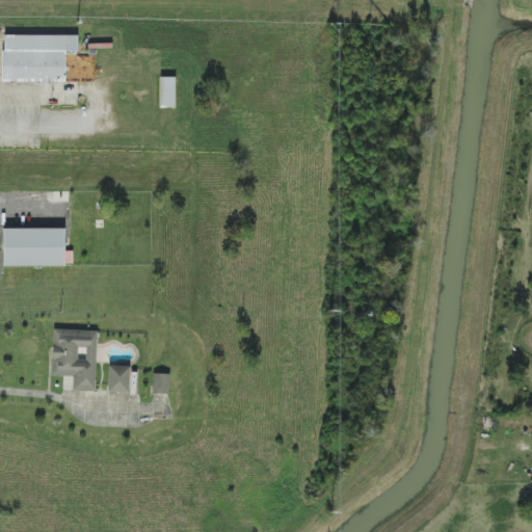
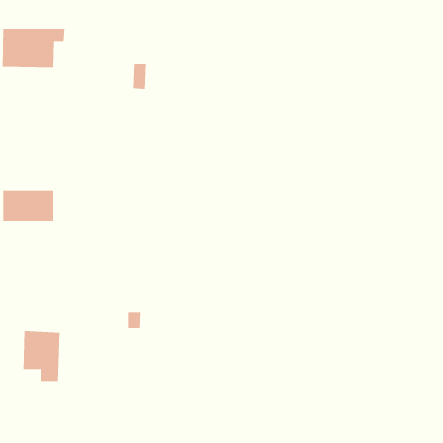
building: [52,328,97,390] -> [23,331,60,382]
building: [108,365,130,392] -> none

